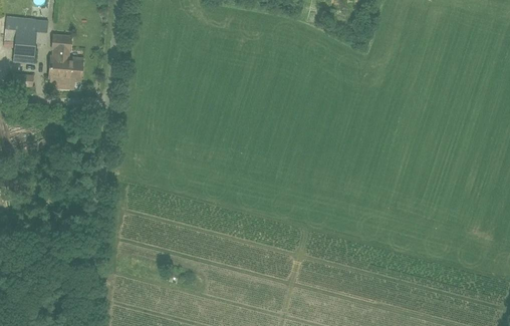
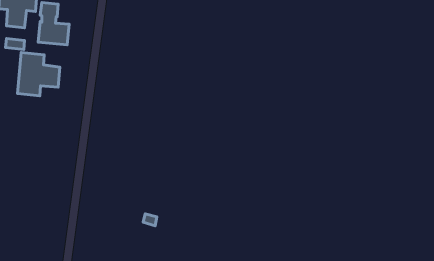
building: none -> [18,52,60,96]

